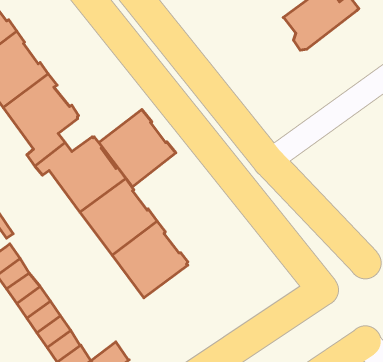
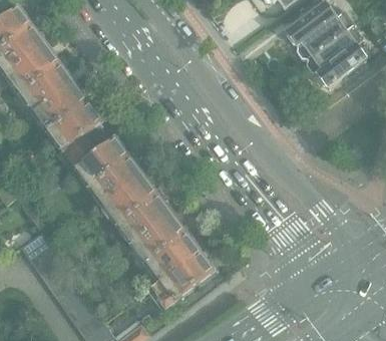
building: none -> [302,23,362,84]
building: [99,109,176,187] -> none
building: none -> [148,250,212,305]

